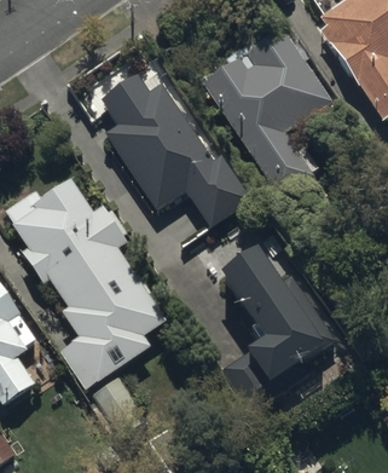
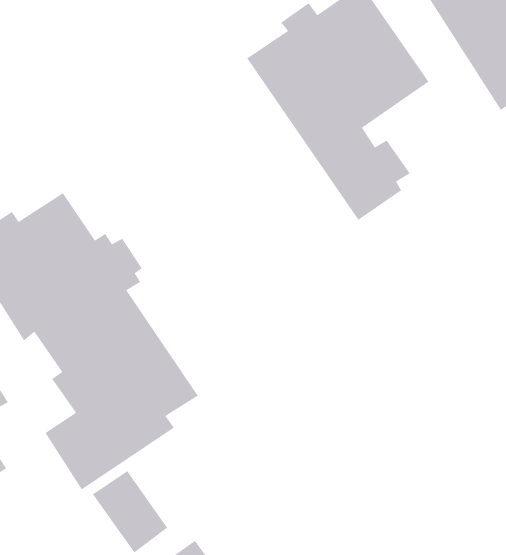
building: [102,76,249,226] -> none
building: [224,255,336,414] -> none

